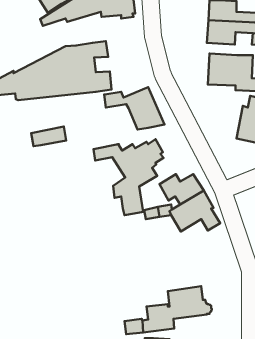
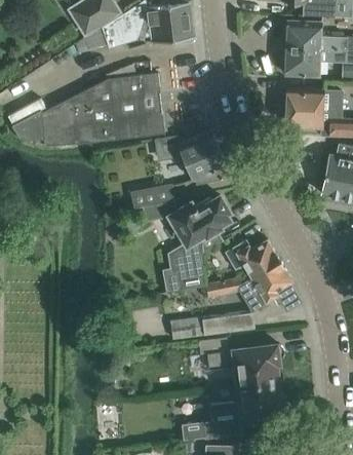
building: [31,127,66,146] -> [130,184,174,208]
building: none -> [170,311,254,339]
building: none -> [194,338,284,386]

